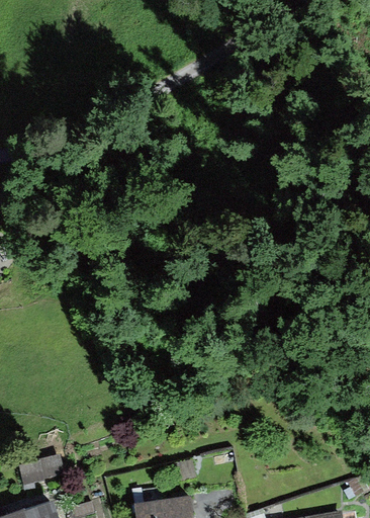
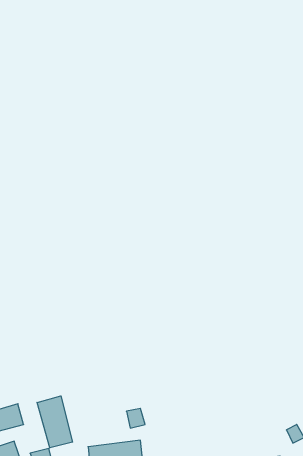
building: none -> [37,396,73,448]

